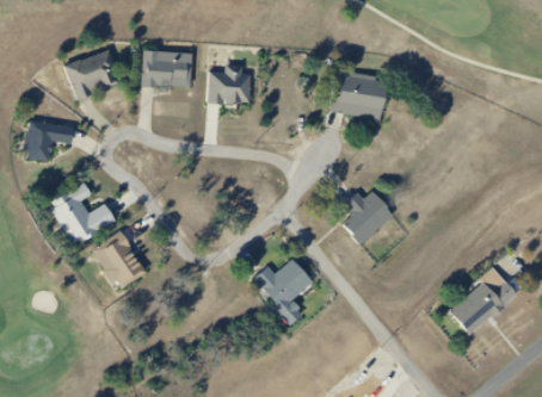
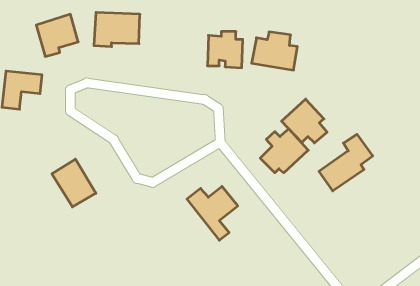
building: [210,62,253,106] -> [207,32,243,68]
building: none -> [282,99,327,143]
building: [53,185,119,249] -> none
building: [449,263,515,333] -> [319,134,373,191]

